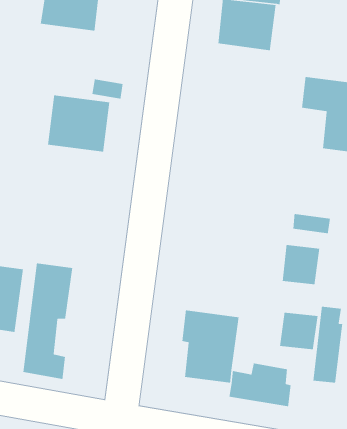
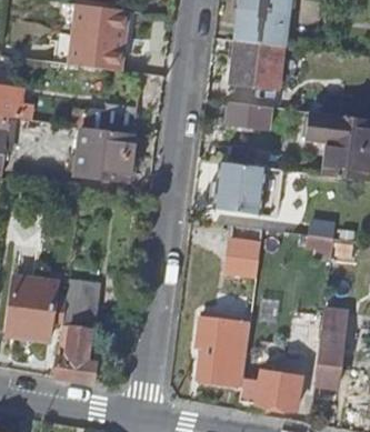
building: none -> [223,99,273,145]
building: none -> [214,161,268,214]
building: [282,244,320,285] -> [227,240,261,277]

